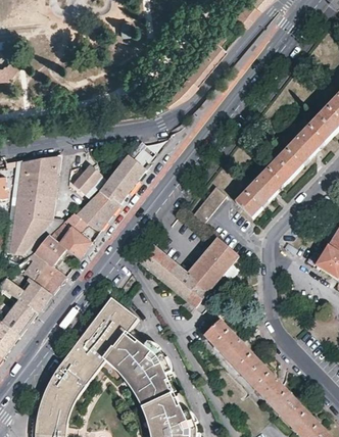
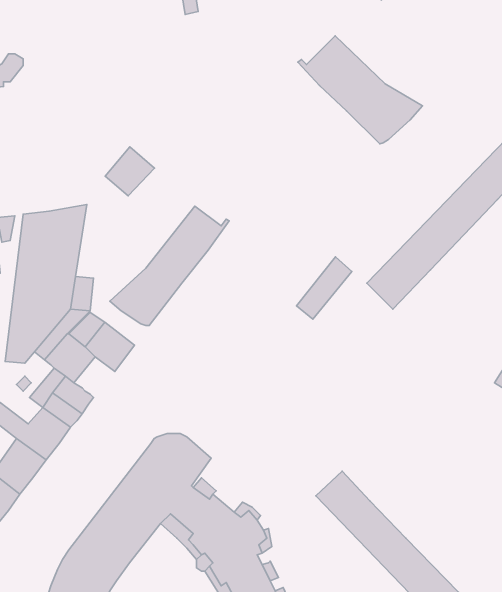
building: none -> [298,36,423,144]
building: [74,165,104,196] -> [105,147,154,196]
building: [135,240,238,308] -> none

